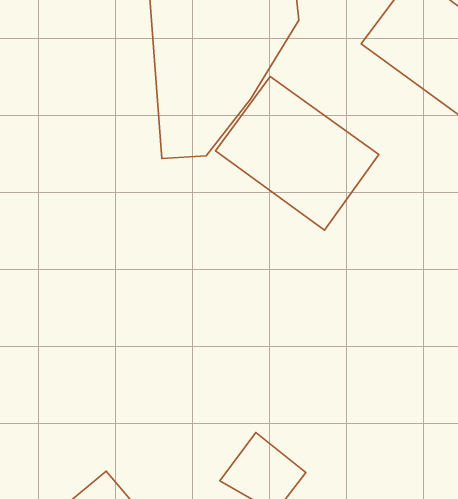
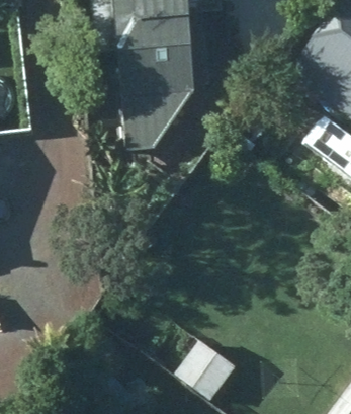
building: [216,77,379,230] -> none

